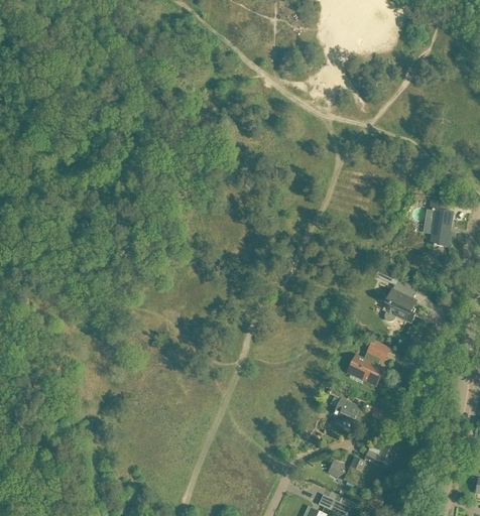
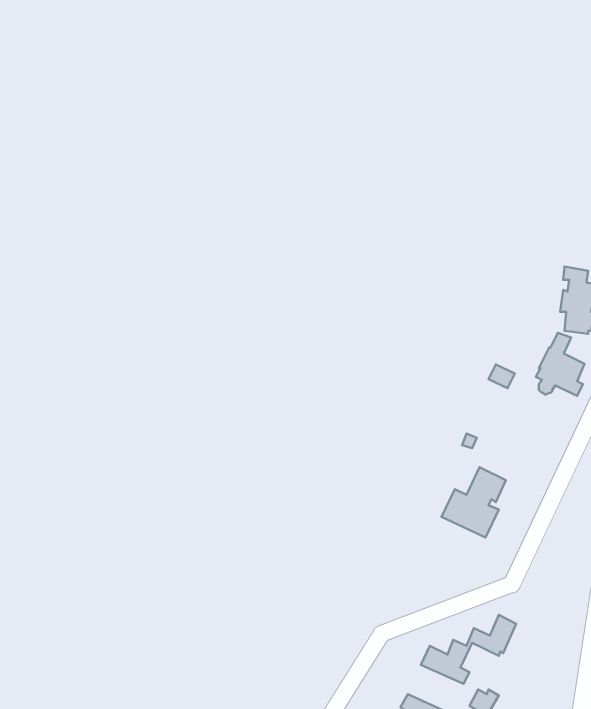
building: [382,278,415,321] -> [536,333,584,396]
building: [329,386,364,429] -> none

